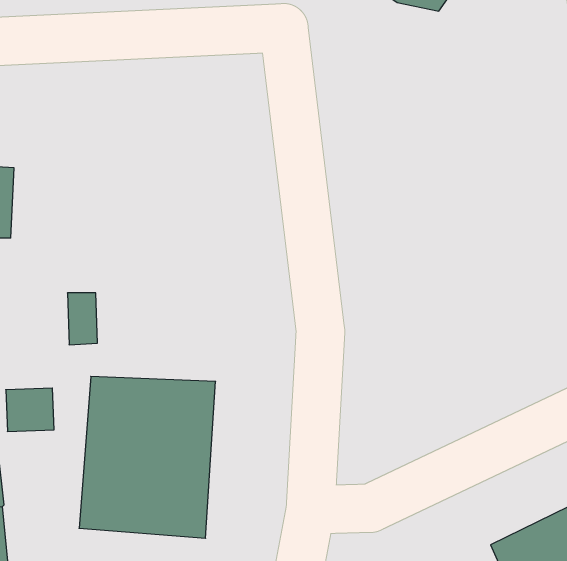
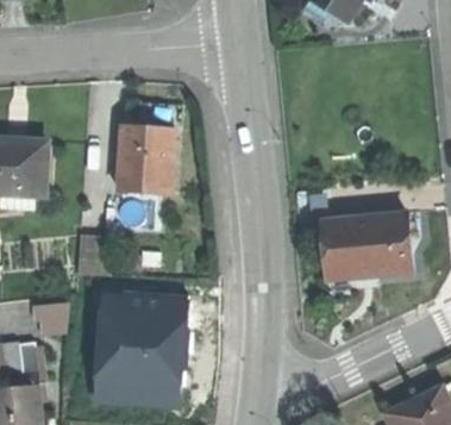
building: none -> [118,127,176,194]
building: none -> [321,214,409,276]

